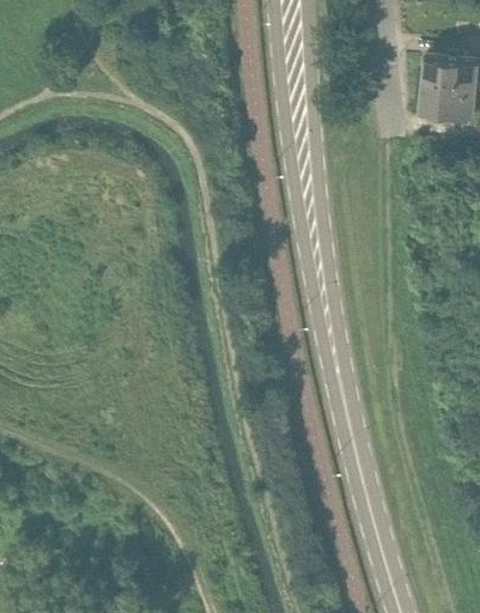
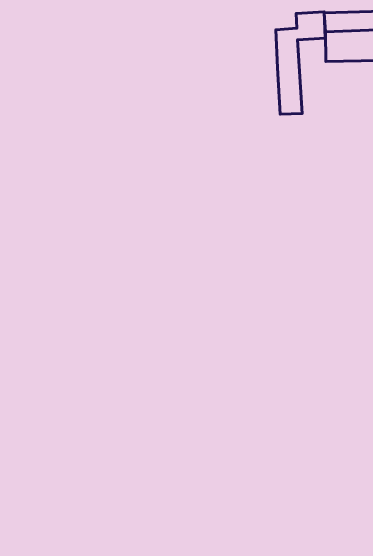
building: none -> [276,12,325,114]

